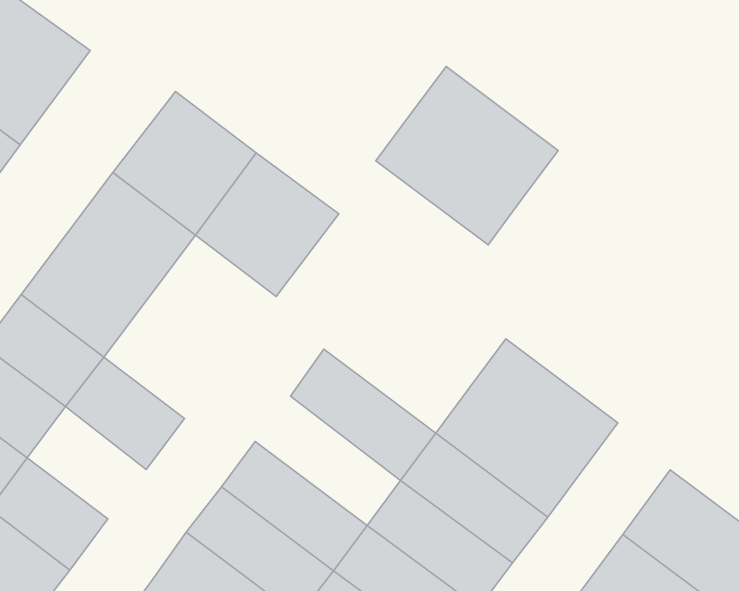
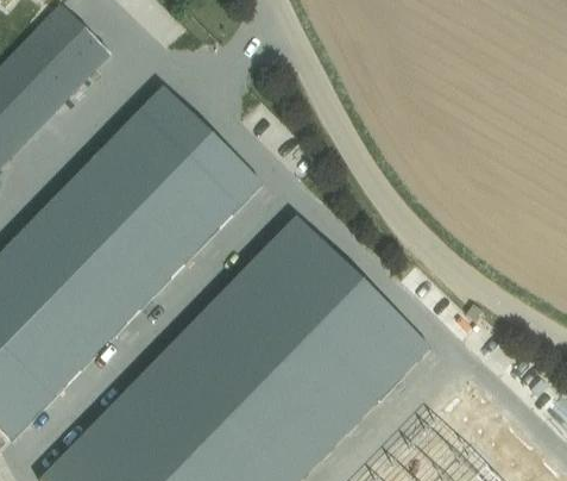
building: [376,66,558,245] -> [241,214,364,337]
building: none -> [94,185,214,306]
building: none -> [188,300,282,393]
building: none -> [34,288,113,367]

